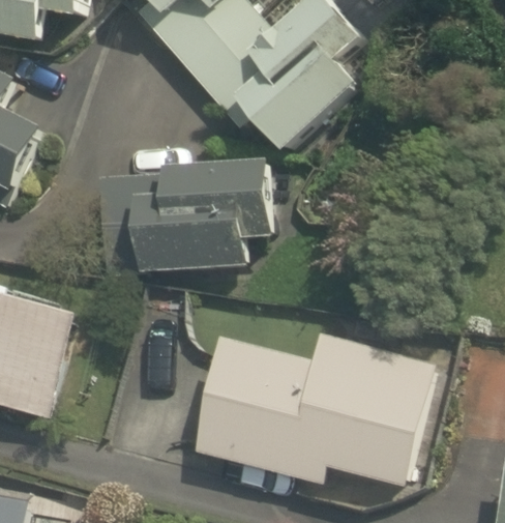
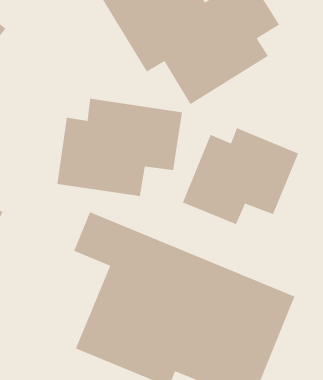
building: none -> [182,127,299,225]

